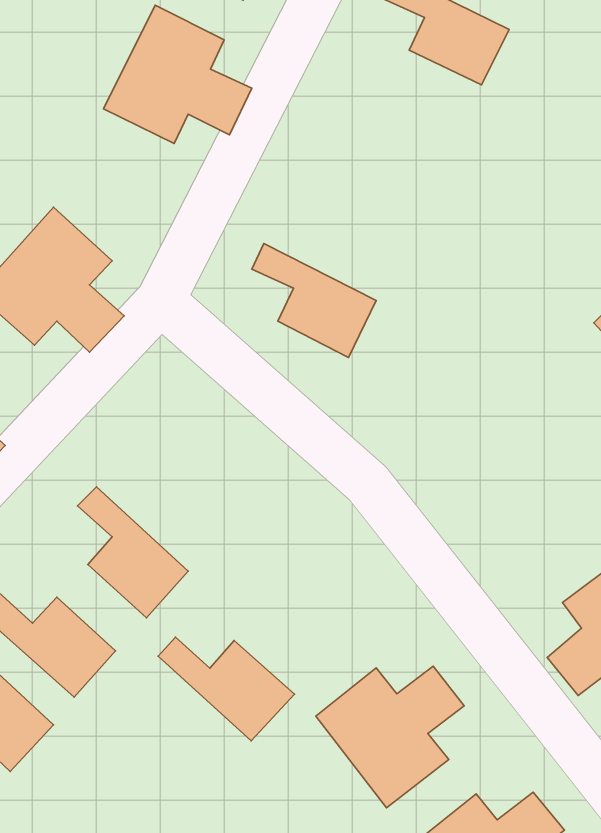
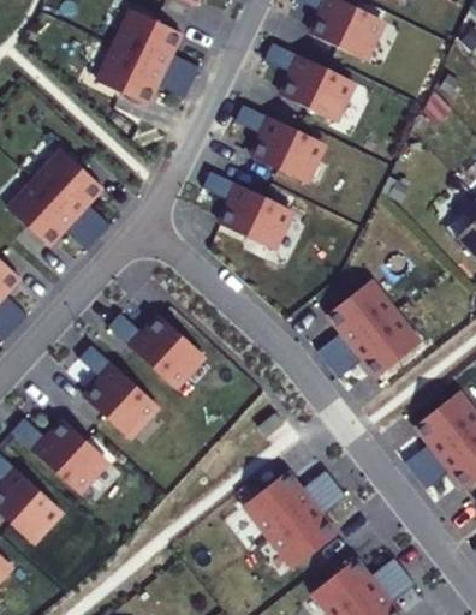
building: none -> [263,47,350,125]
building: none -> [234,108,321,186]
building: none -> [320,280,423,377]
building: [158,637,294,741] -> [109,314,204,386]

